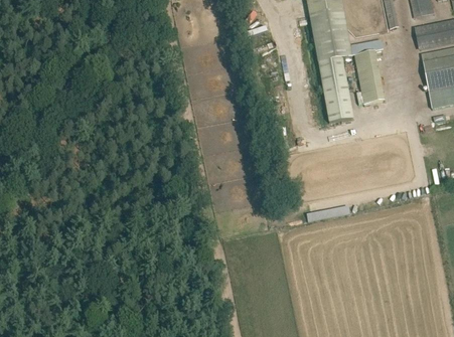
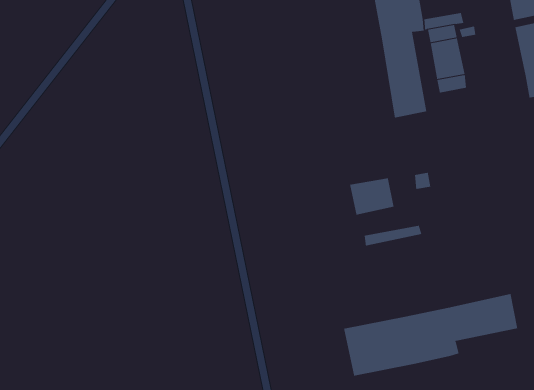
building: none -> [350,177,394,215]
building: none -> [344,293,518,376]

